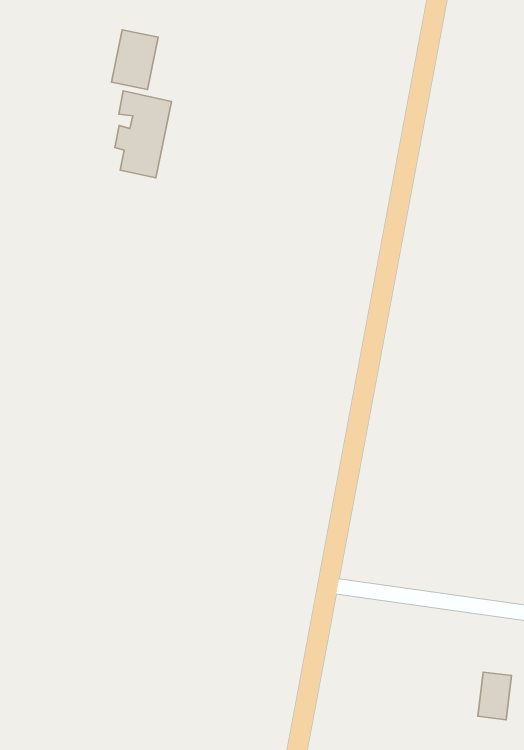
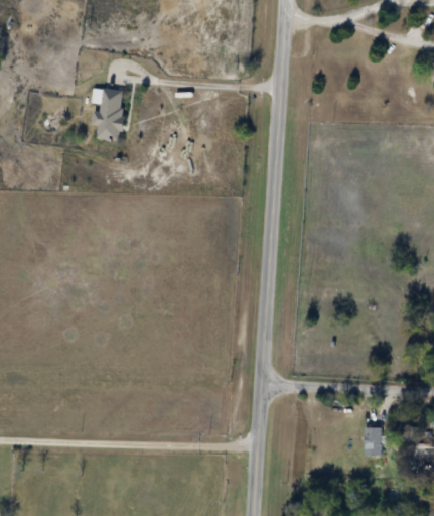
building: [111,30,158,90] -> none

